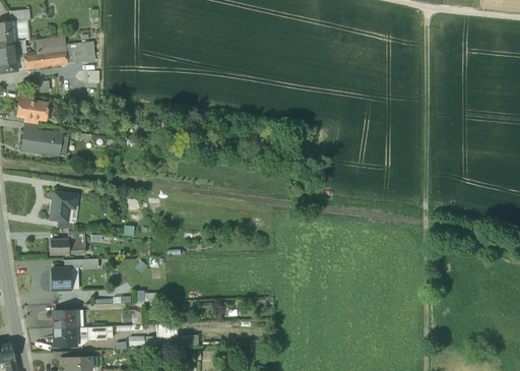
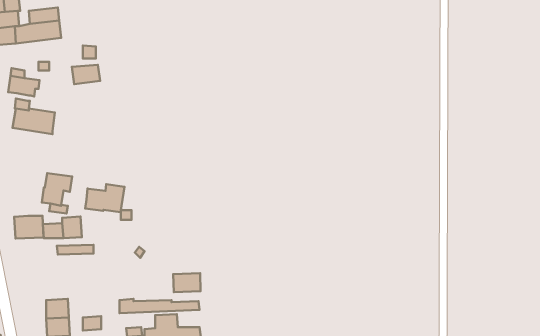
building: [65,47,91,65] -> [72,65,100,84]
building: none -> [85,184,124,212]
building: [51,268,78,290] -> [14,216,43,239]
building: none -> [173,273,201,292]

